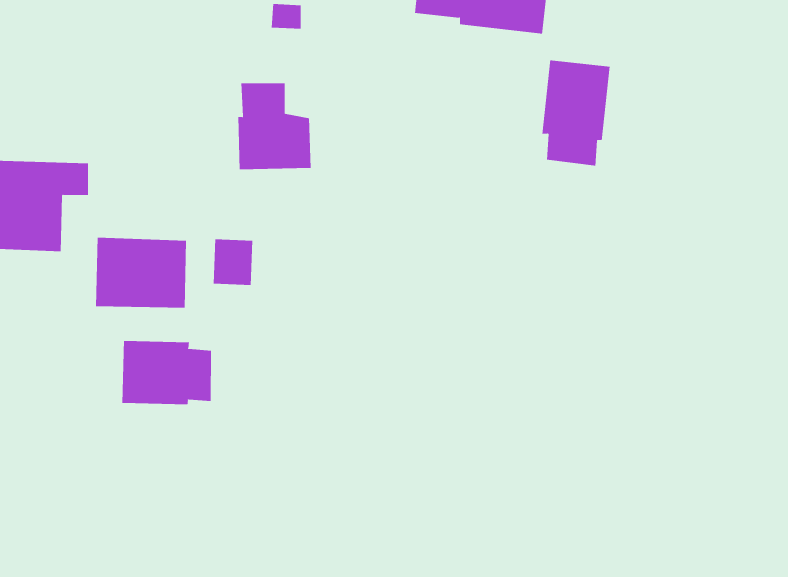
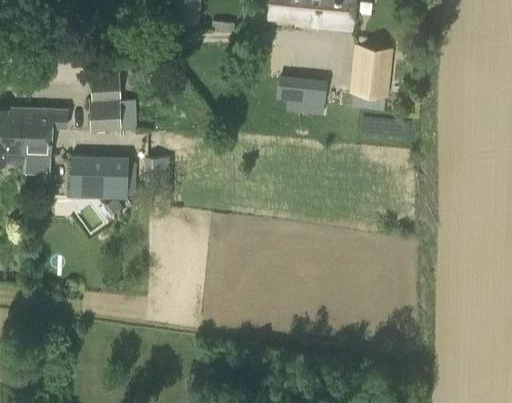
building: [237,83,311,170] -> [89,77,135,131]
building: none -> [279,76,327,114]
building: [122,340,211,405] -> none

